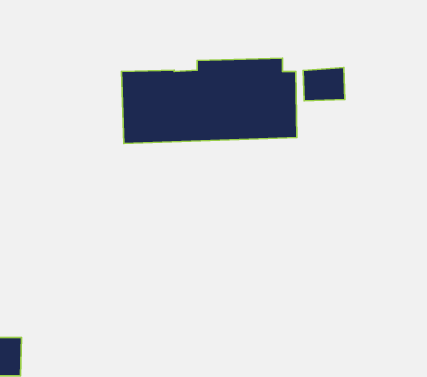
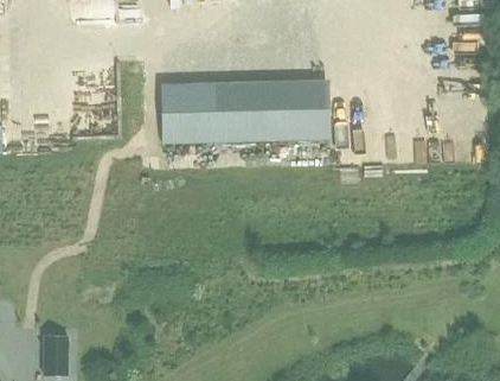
building: [303,68,345,101] -> none

